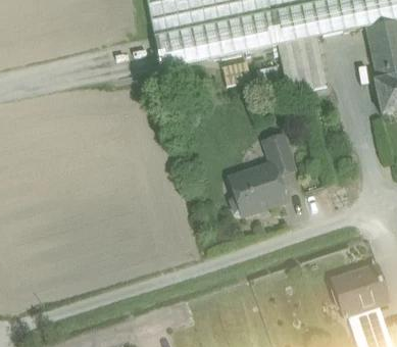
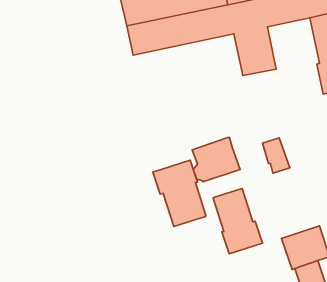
building: [264,134,296,175] -> [262,138,290,173]
building: none -> [153,160,206,227]
building: none -> [213,189,263,254]

